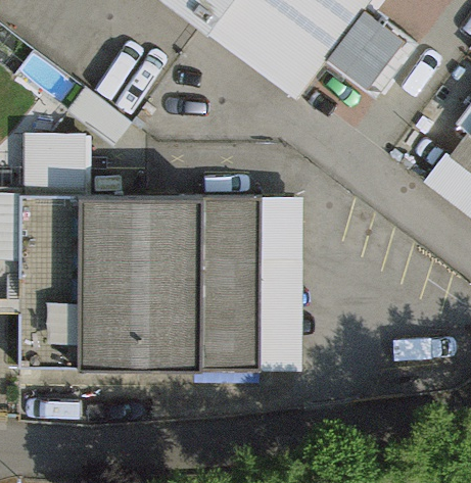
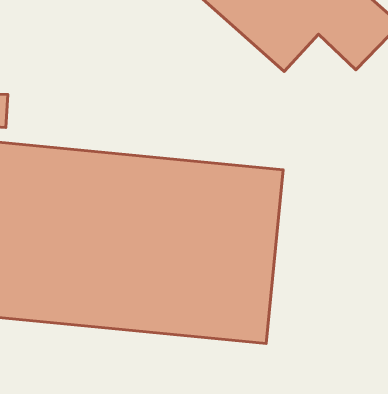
building: [29,126,93,187] -> none

